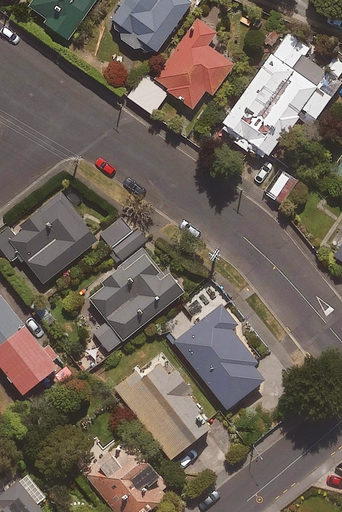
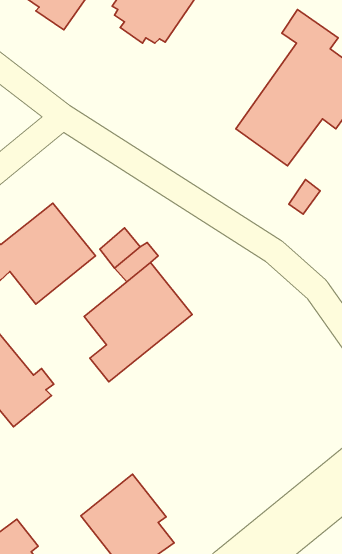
building: [129,19,235,117] -> none
building: [165,308,265,409] -> none
building: [115,355,212,458] -> none

